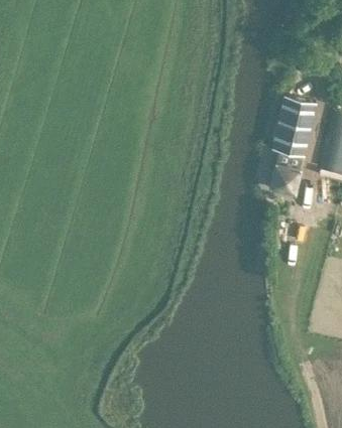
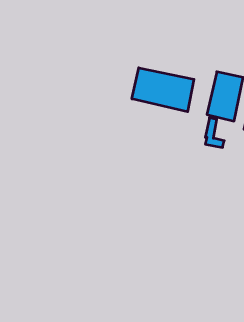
building: none -> [132,68,194,112]

